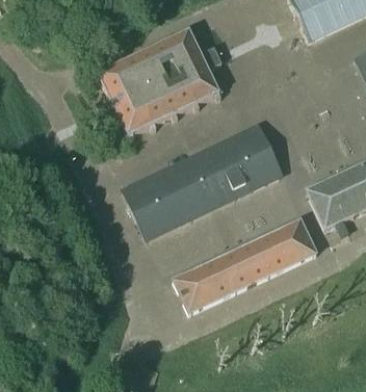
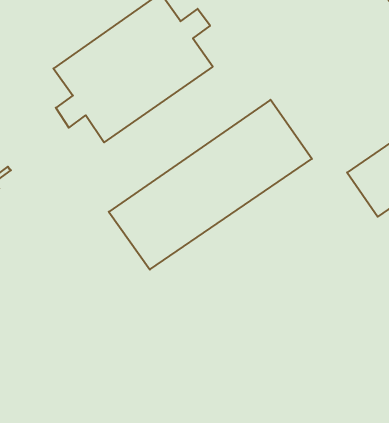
building: [175,220,316,312] -> none

